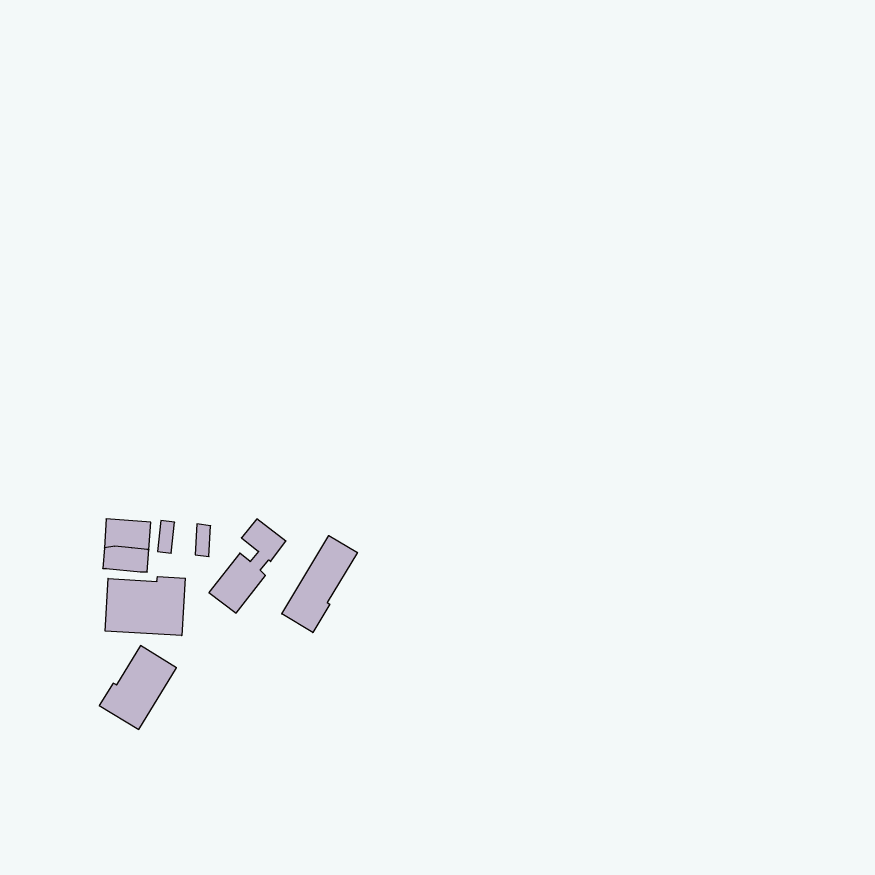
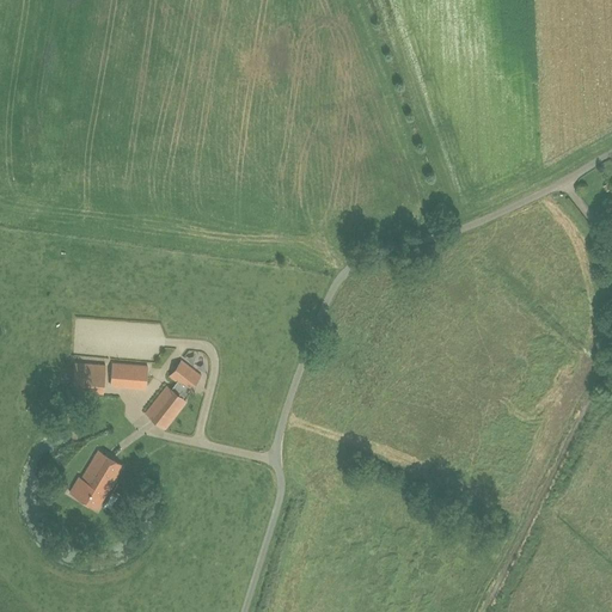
building: [282,536,357,633] -> none
building: [105,577,185,636] -> none

